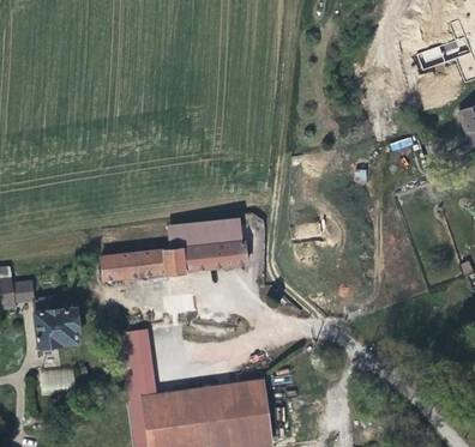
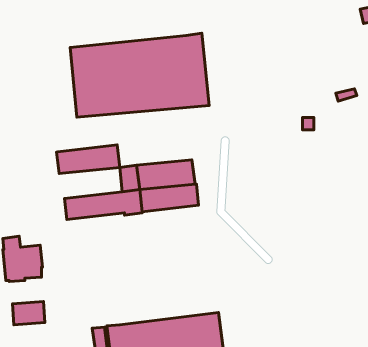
building: none -> [70,33,209,117]
building: none -> [57,145,120,174]
building: [121,327,161,397] -> none

